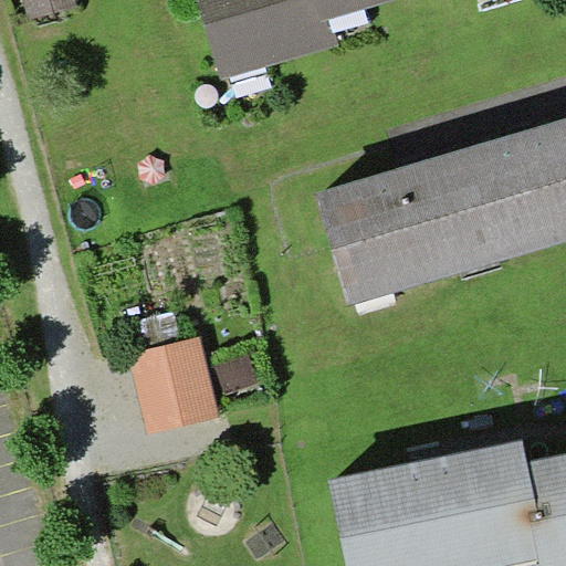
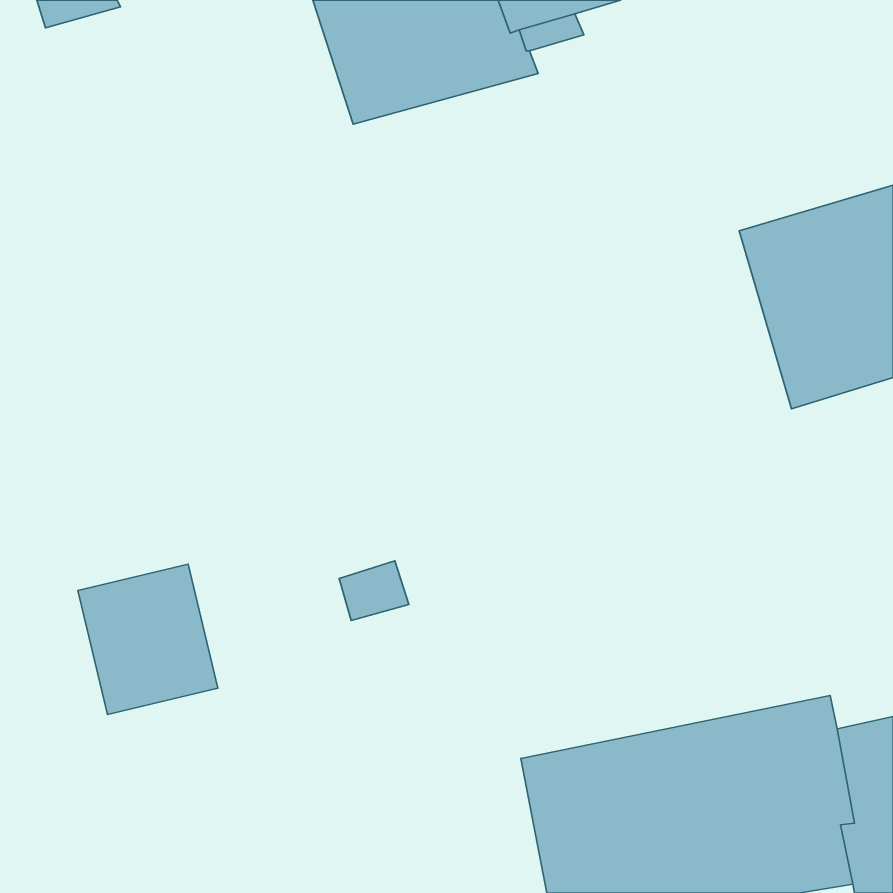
building: [316,146,501,304] -> none
building: [130,337,219,432] -> [78,564,218,714]

